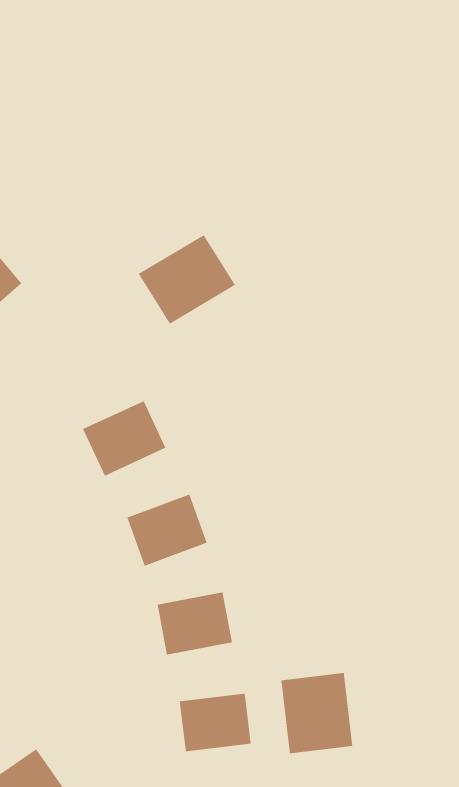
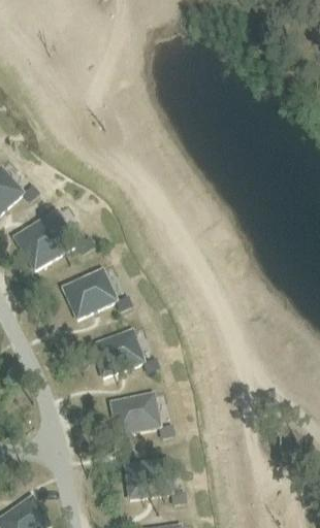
building: [138,234,236,325] -> [13,211,77,270]
building: [281,672,353,754] -> none

